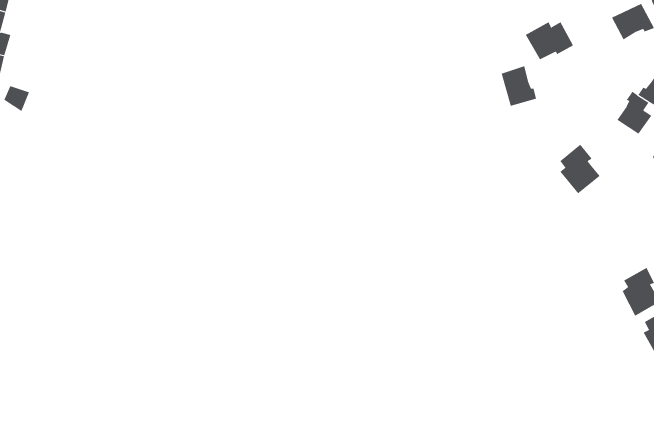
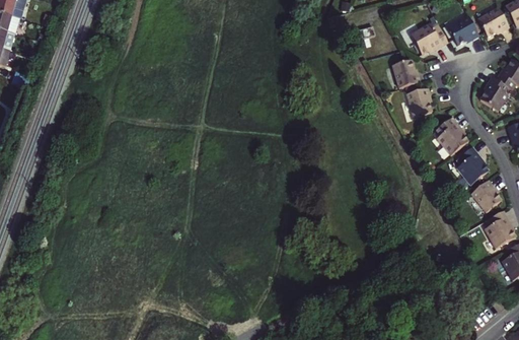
building: none -> [447,16,479,46]
building: none -> [407,87,432,119]
building: none -> [456,147,489,186]
building: none -> [471,180,502,214]

